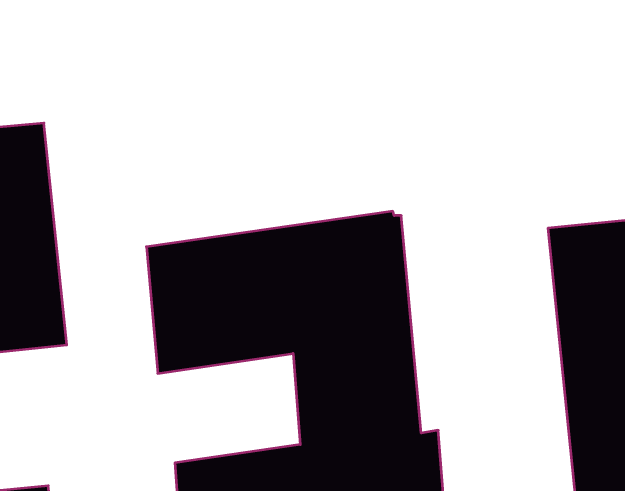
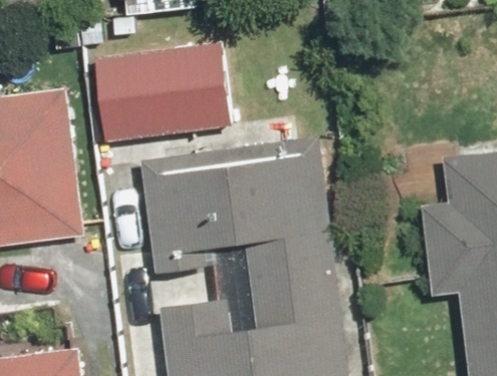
building: none -> [97,44,231,137]

